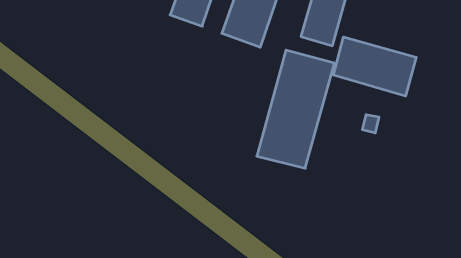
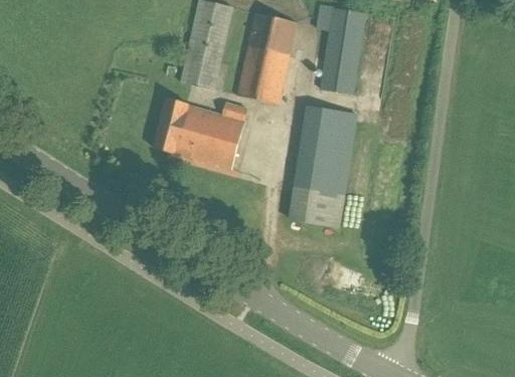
building: none -> [154,100,248,170]
building: [333,37,416,96] -> none

